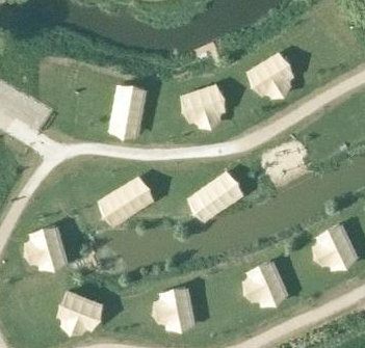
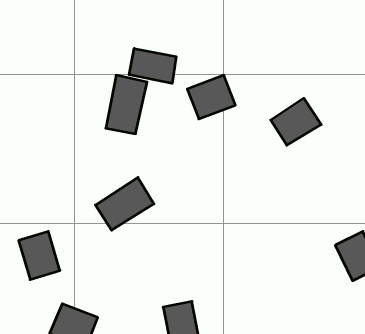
building: [250,53,295,96] -> [271,98,321,145]
building: none -> [129,48,176,83]
building: [192,171,246,222] -> none
building: [249,261,290,307] -> none

